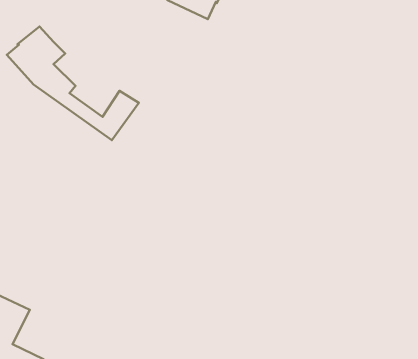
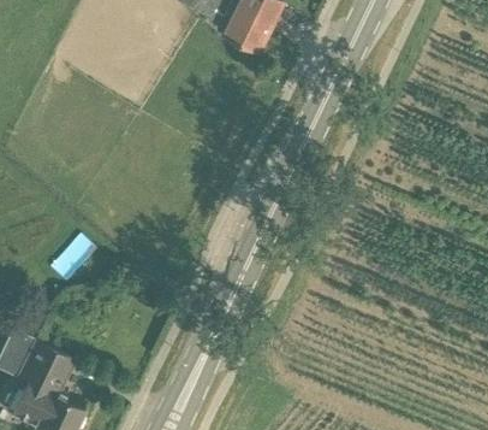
building: [7,26,139,140] -> none

